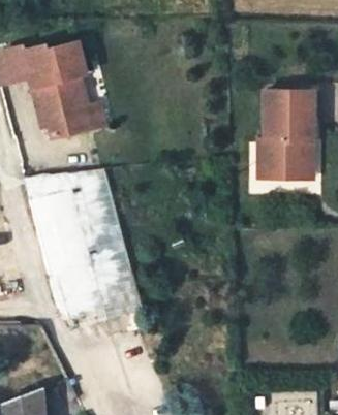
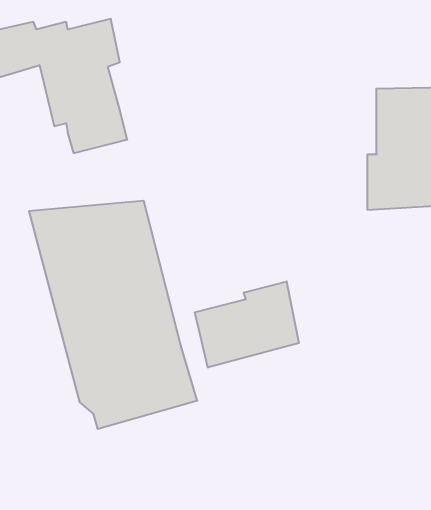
building: none -> [195,281,299,368]

